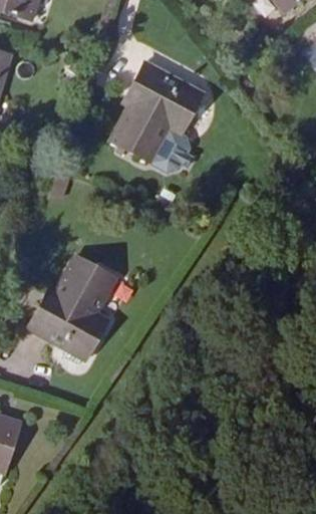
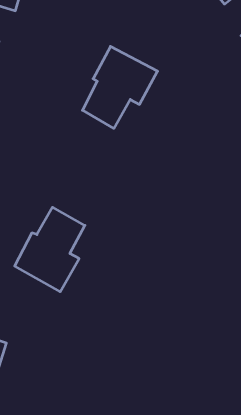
building: [150,126,195,171] -> none

